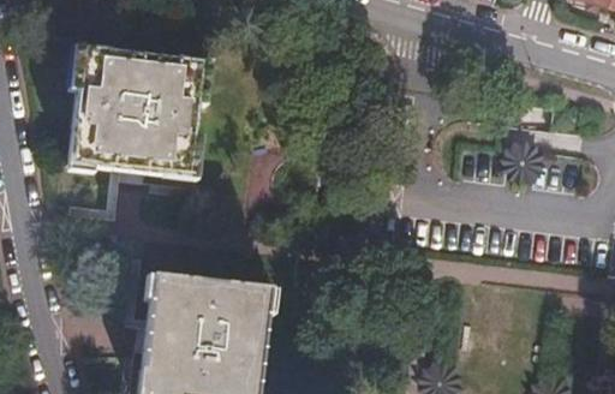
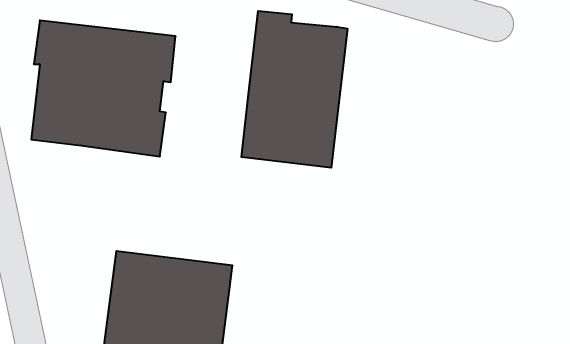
building: none -> [241,11,347,168]

